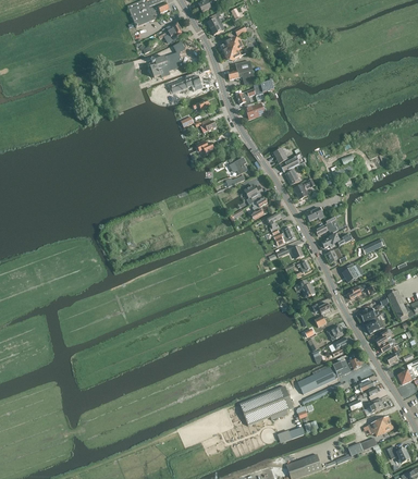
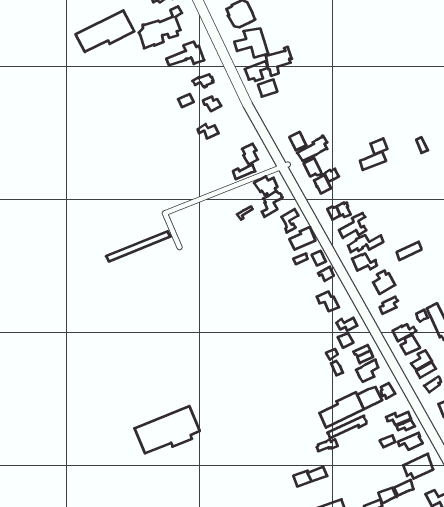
building: none -> [76,10,134,52]
building: [239,385,294,425] -> [134,406,200,453]

